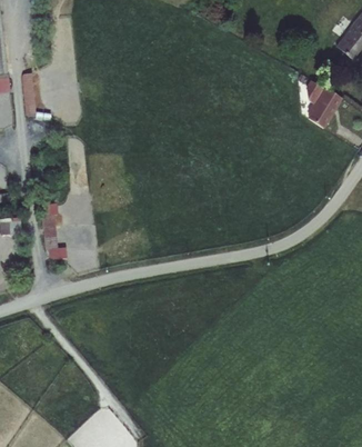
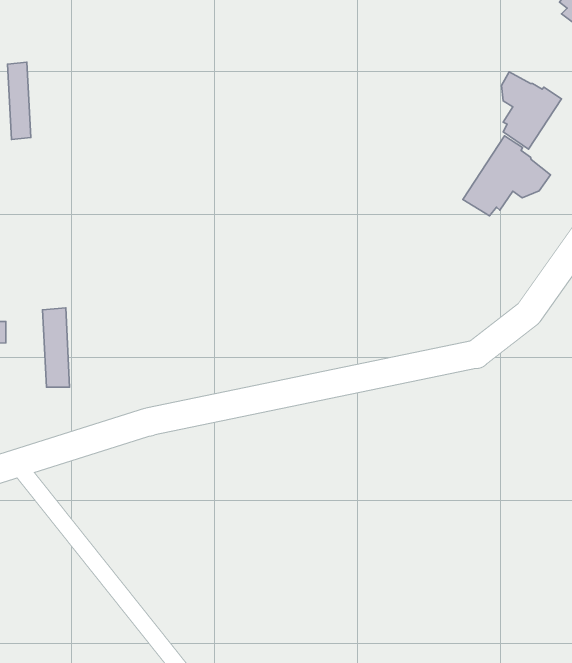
building: none -> [463,136,551,216]

